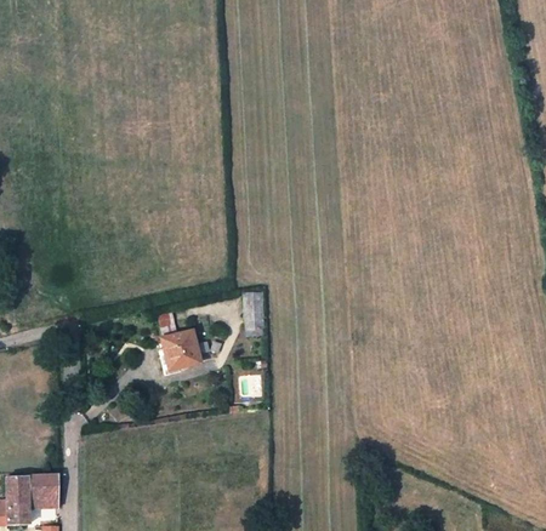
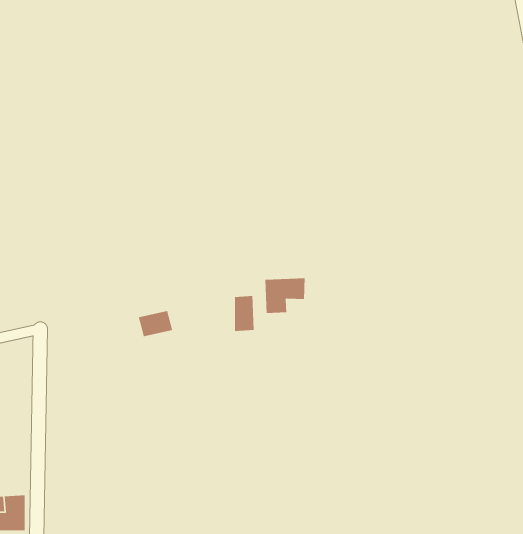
building: none -> [264,278,306,314]
building: [159,330,200,373] -> none

